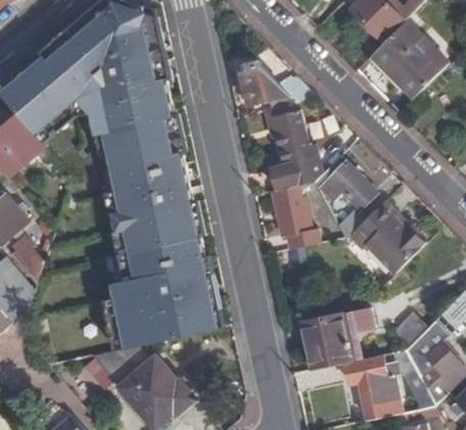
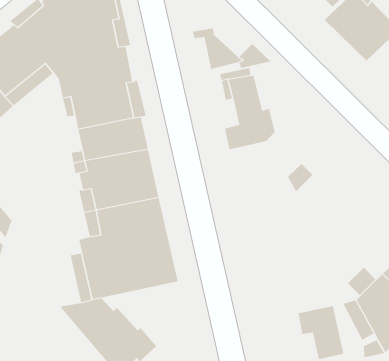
building: [312,153,375,207] -> none
building: [272,185,318,248] -> none
building: [351,198,427,269] -> none
building: [302,308,375,369] -> none

